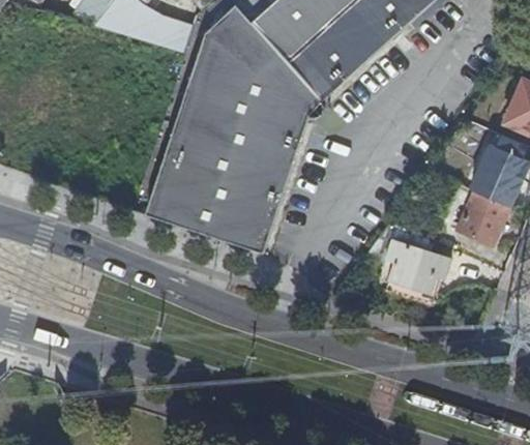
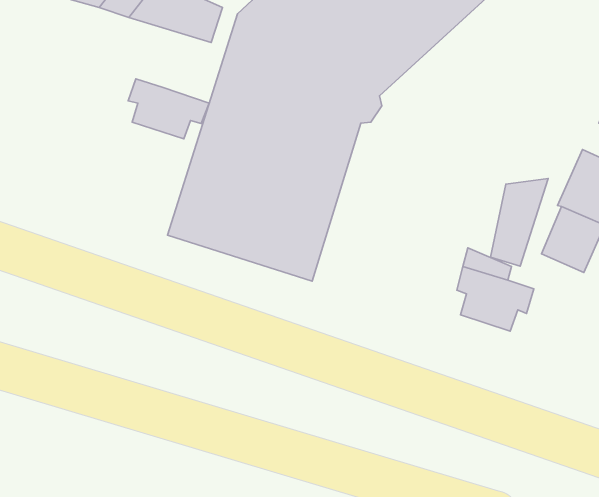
building: none -> [128,79,209,139]
building: none -> [490,179,548,266]

